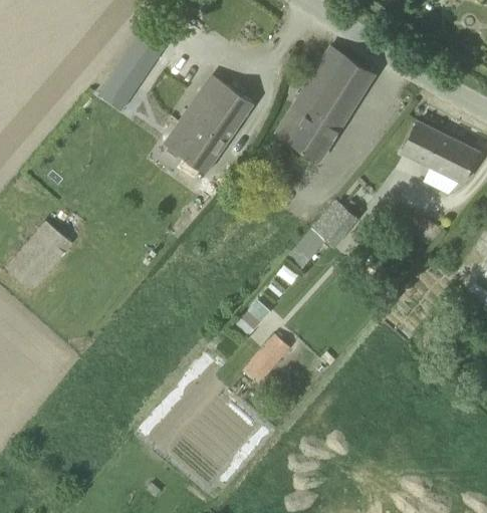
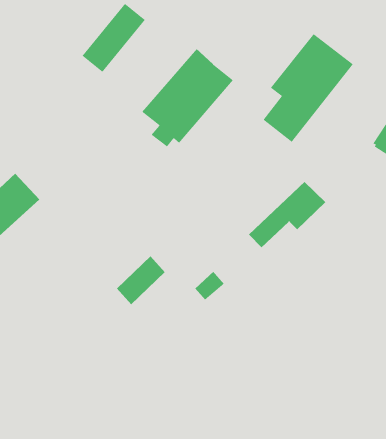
building: [243,333,291,386] -> [116,256,165,305]

